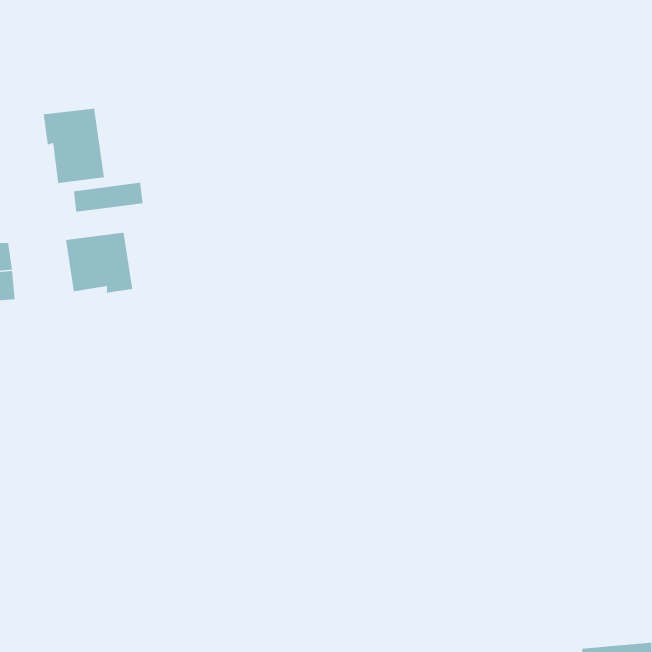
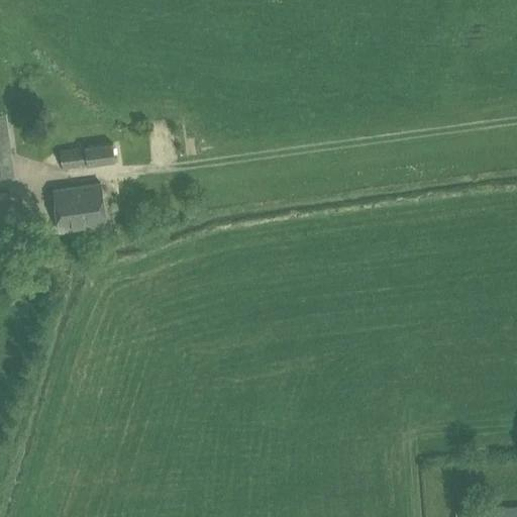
building: [43,108,105,184] -> none

